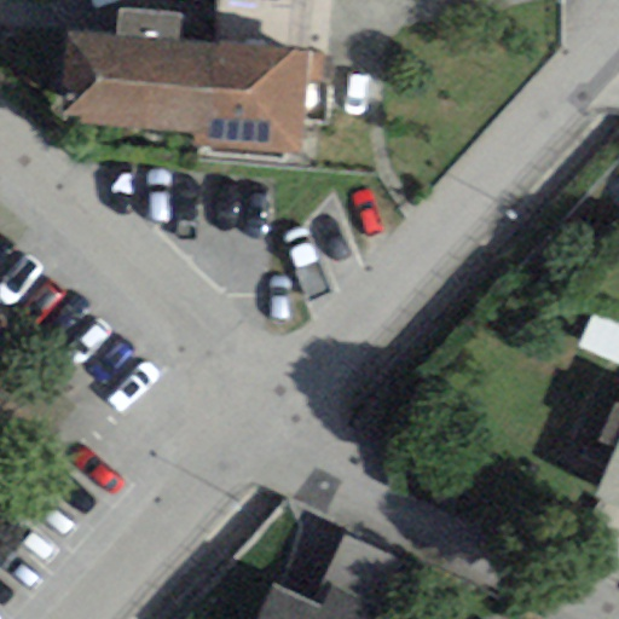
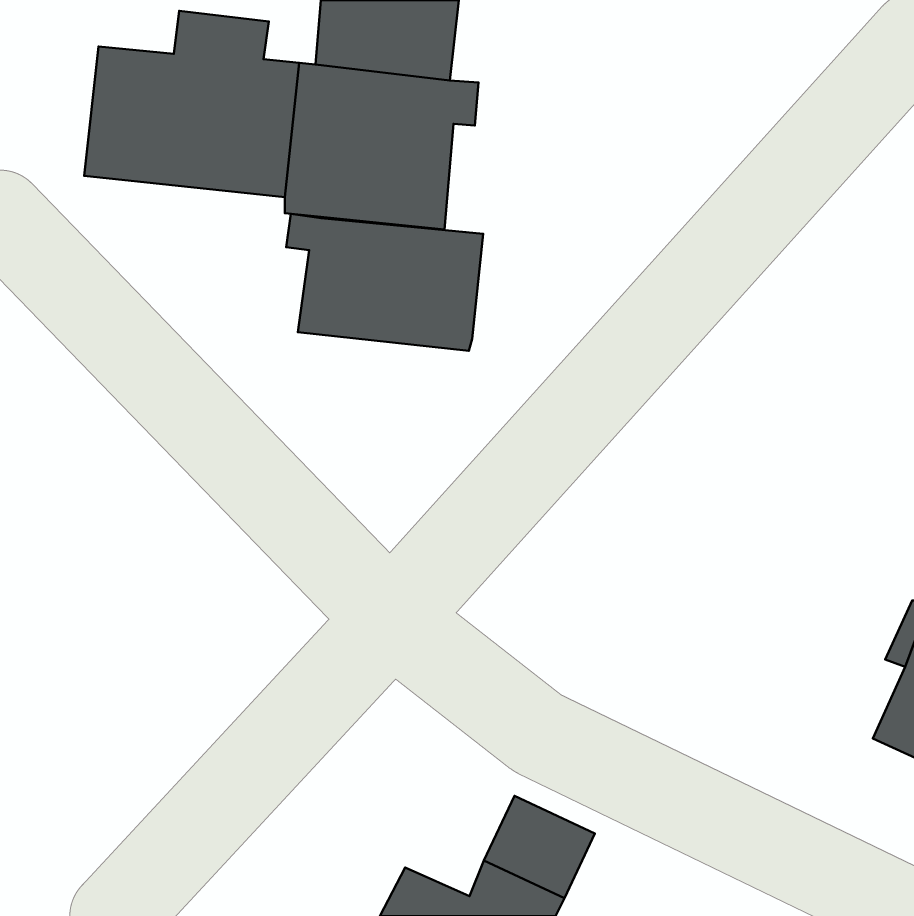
building: none -> [286,214,483,351]

